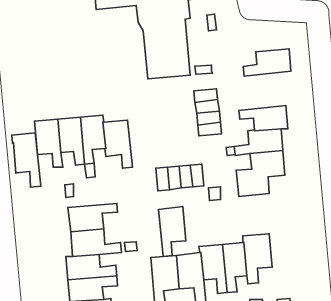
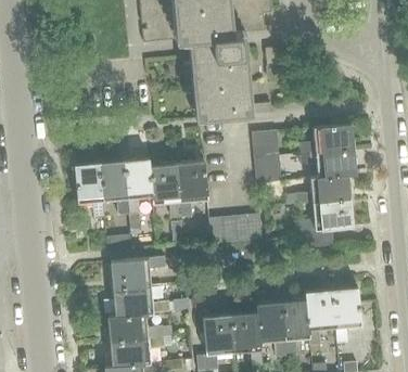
building: [243,49,291,76] -> [298,124,352,154]
building: [12,133,41,187] -> none
building: [158,206,186,256] -> [176,162,206,217]
building: none -> [333,288,360,344]

